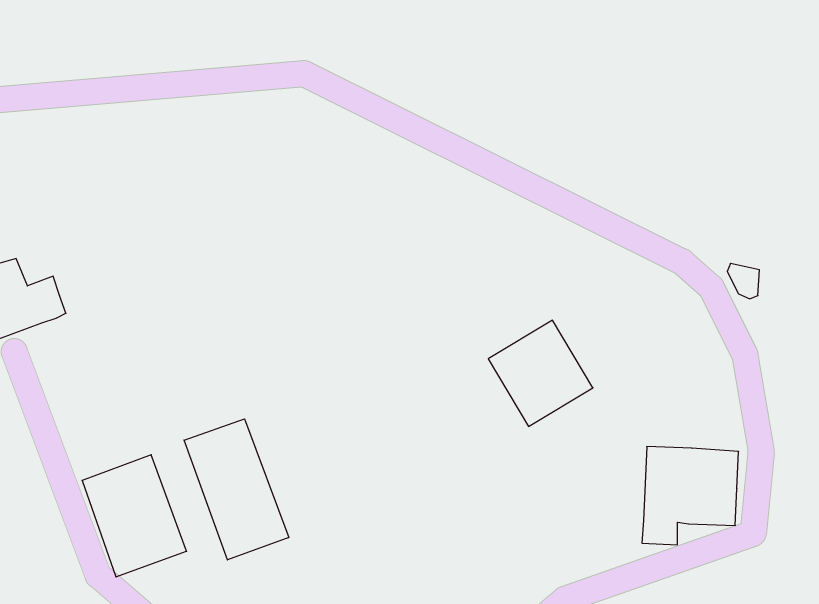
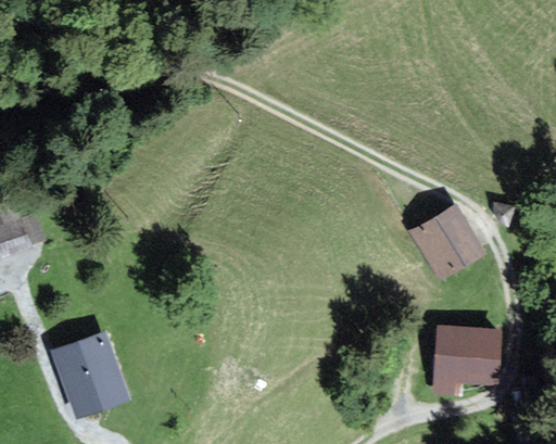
building: [488,320,593,426] -> [412,207,482,279]
building: [184,419,289,560] -> none

